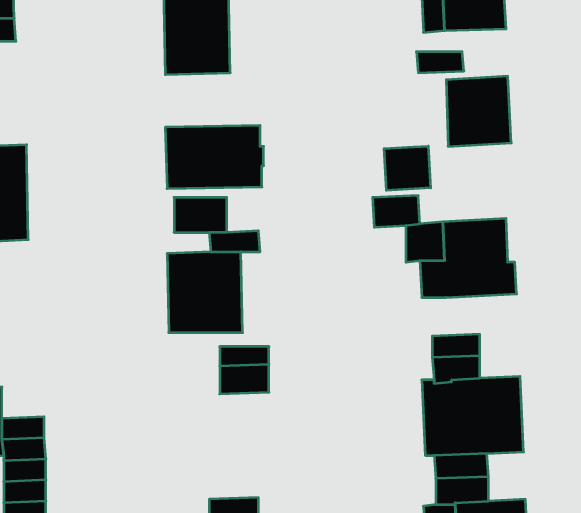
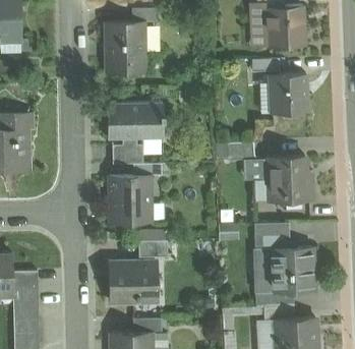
building: [384,146,431,190] -> none
building: none -> [110,261,156,303]

